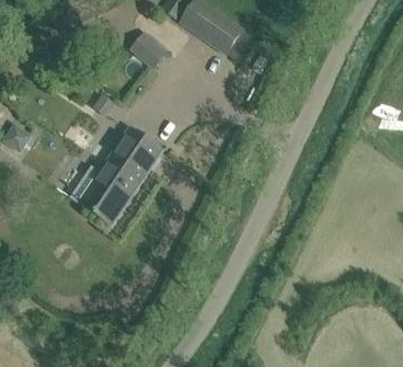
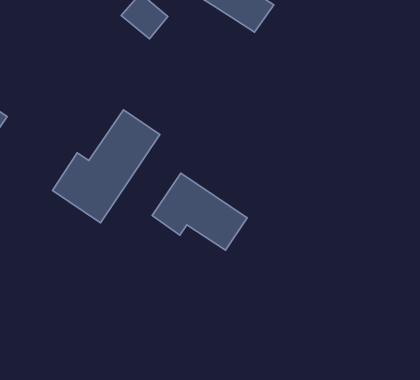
building: none -> [152,173,247,250]

